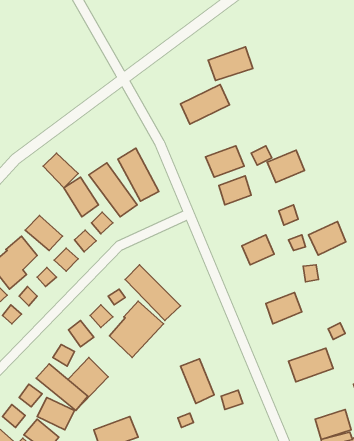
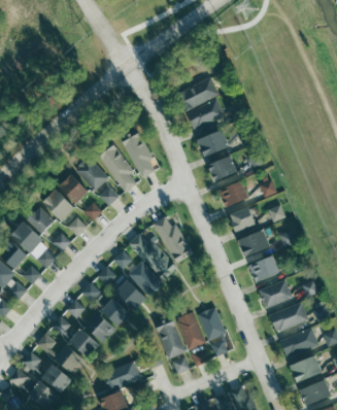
building: [208,47,253,81] -> [187,100,225,129]
building: [267,150,305,183] -> [217,180,249,208]
building: [43,153,78,188] -> [60,173,90,203]
building: [309,221,346,255] -> [239,229,271,258]
building: none -> [155,214,192,263]
building: none -> [258,279,292,307]
building: none -> [102,297,131,326]
building: none -> [197,306,228,341]
building: none -> [156,319,187,358]
building: none -> [279,327,318,357]

